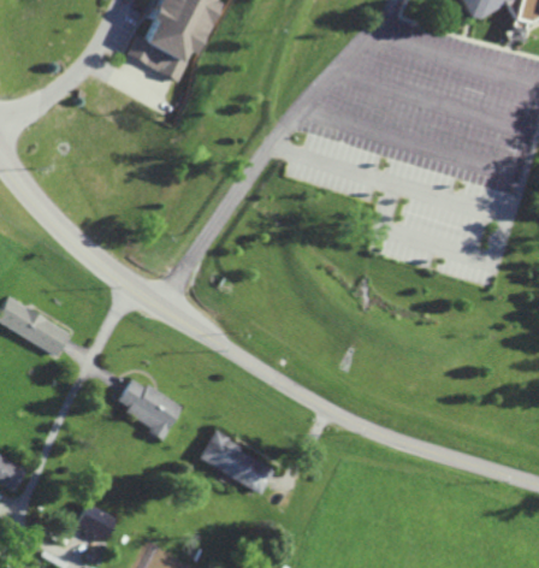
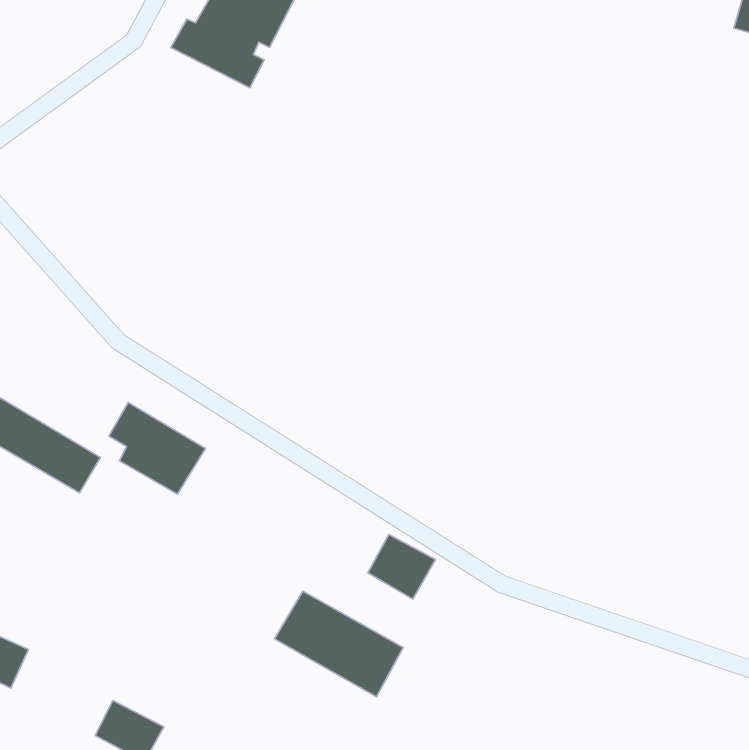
building: [116,375,182,438] -> [109,403,206,494]
building: none -> [368,534,435,599]

